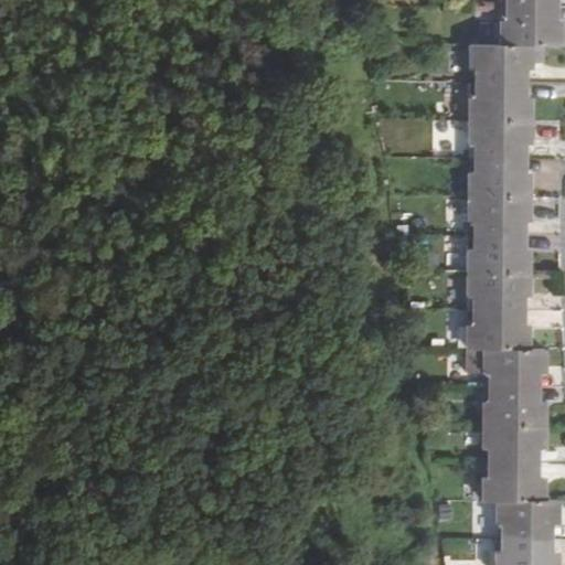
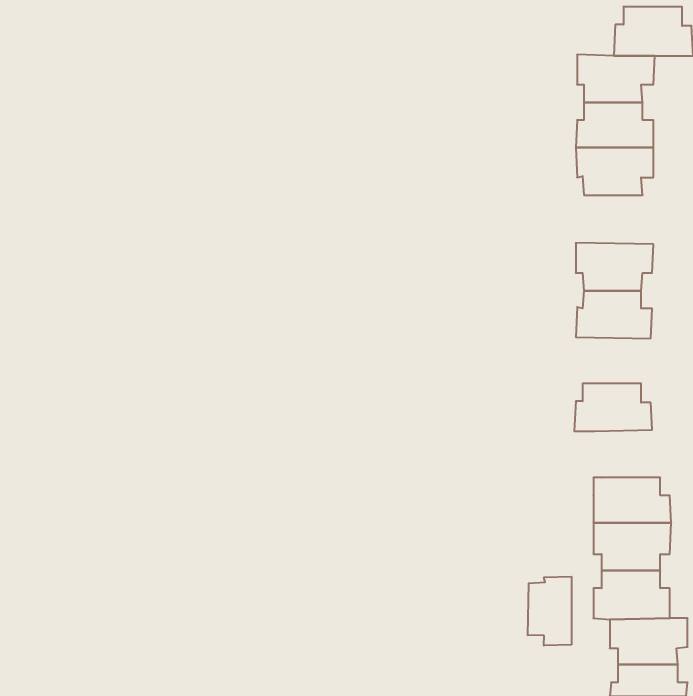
building: [469,158,532,198] -> none
building: [469,273,530,310] -> none
building: [468,348,546,386] -> none
building: none -> [528,577,571,646]

